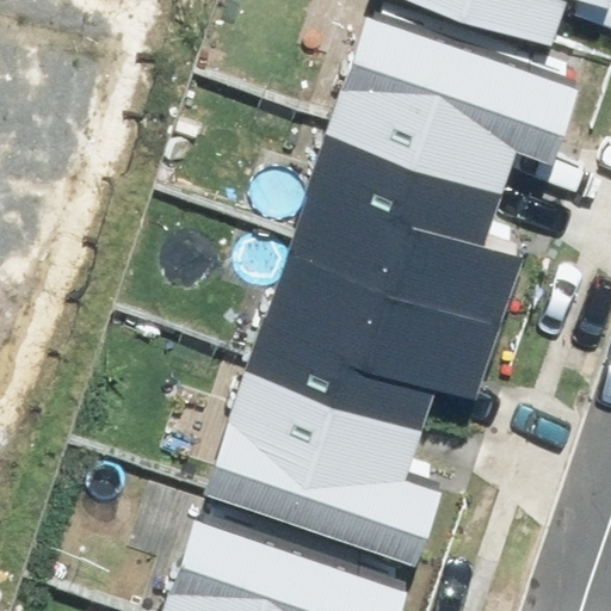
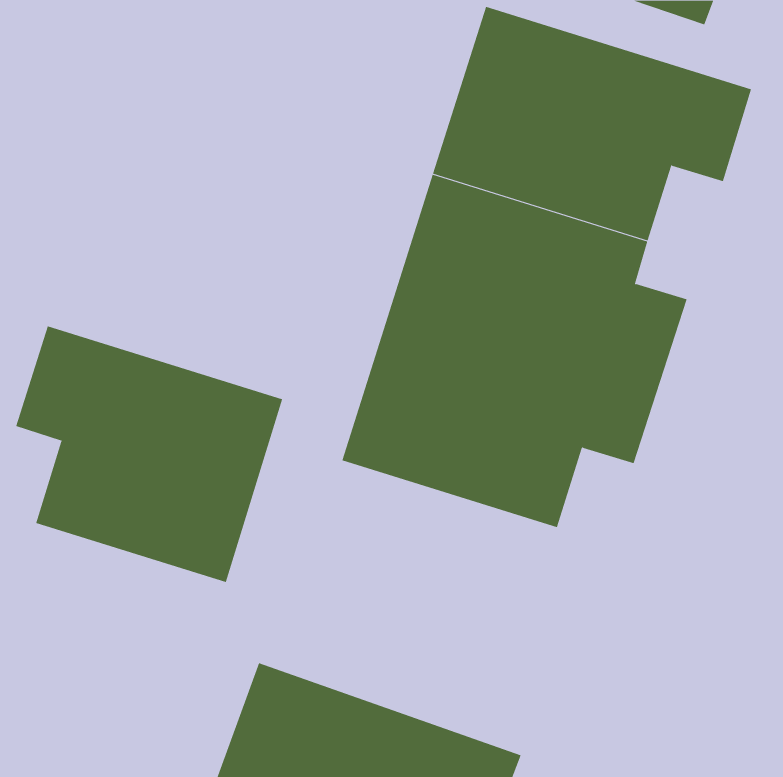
building: none -> [16,326,283,583]
building: [198,369,425,542] -> none

